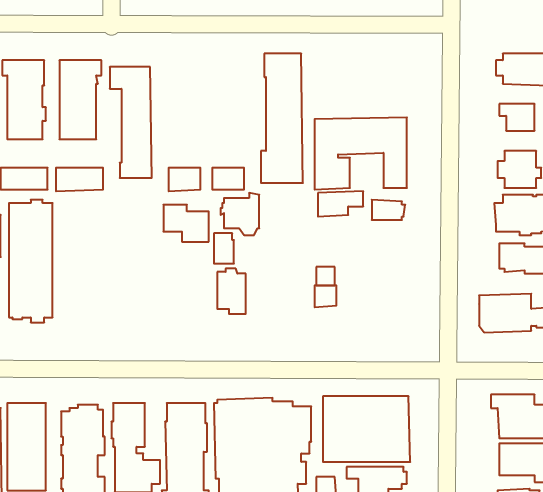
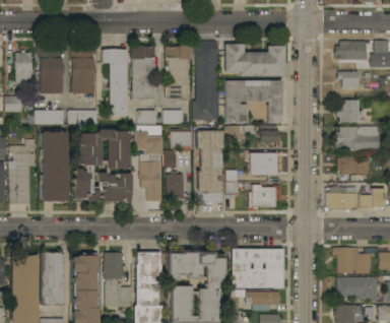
building: none -> [225,44,285,76]
building: none -> [131,46,156,101]
building: none -> [166,46,191,101]
building: none -> [73,129,131,204]
building: none -> [197,131,225,203]
building: none -> [247,152,282,176]
building: none -> [140,160,162,202]
building: none -> [250,185,282,209]

